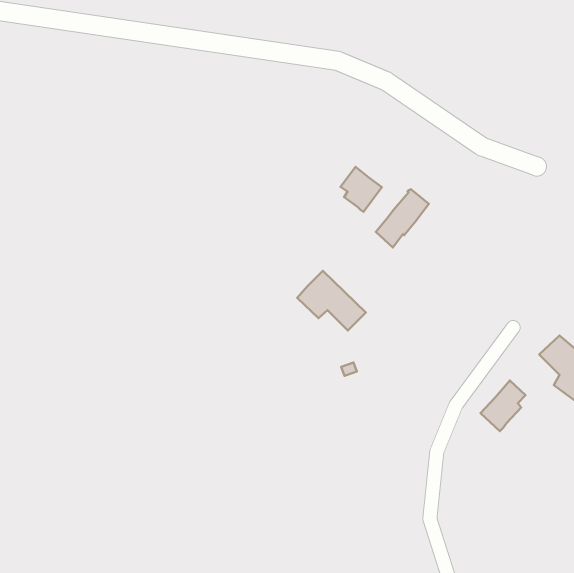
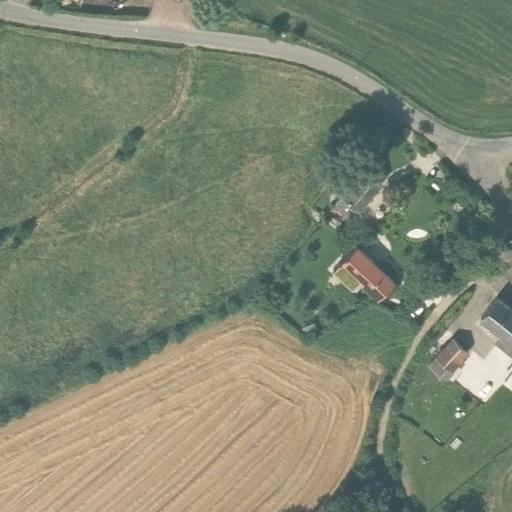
building: [340,167,382,212] -> none
building: [297,271,366,331] -> [334,247,395,300]

